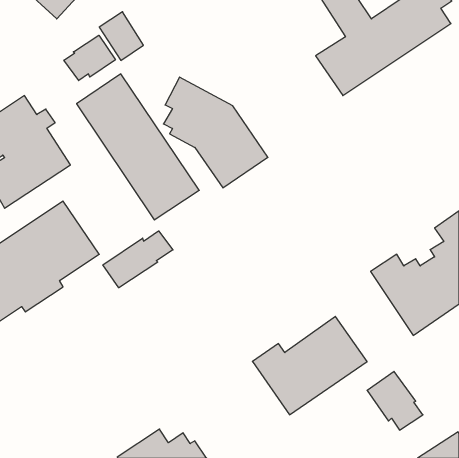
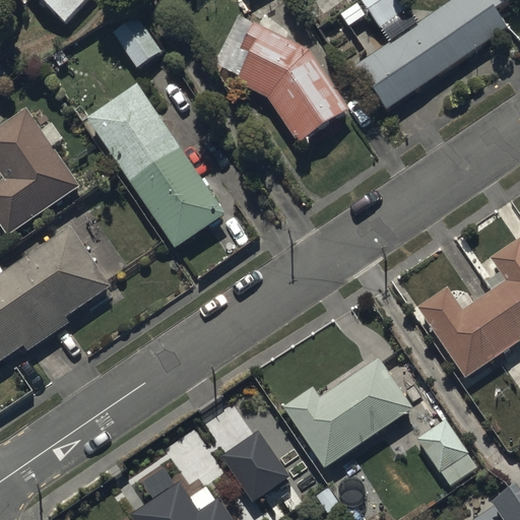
building: [64,35,115,81] -> none
building: [163,77,268,188] -> [231,18,348,143]
building: [103,231,173,288] -> none
building: none -> [219,430,289,502]

